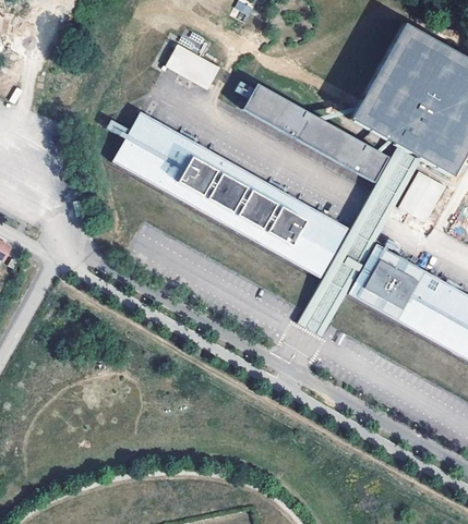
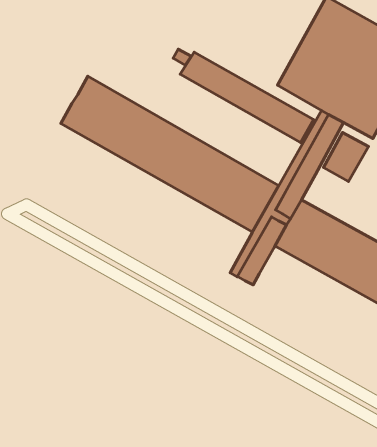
building: [167,42,221,88] -> none

